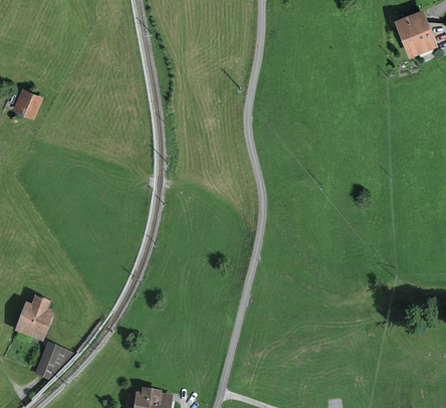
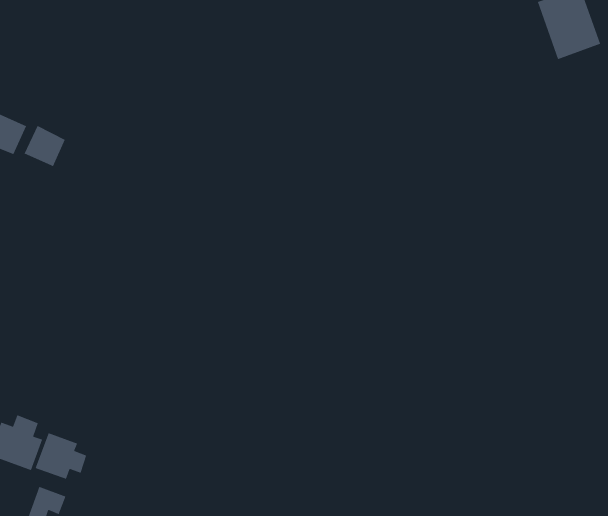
building: none -> [23,125,66,167]
building: none -> [35,432,87,480]

